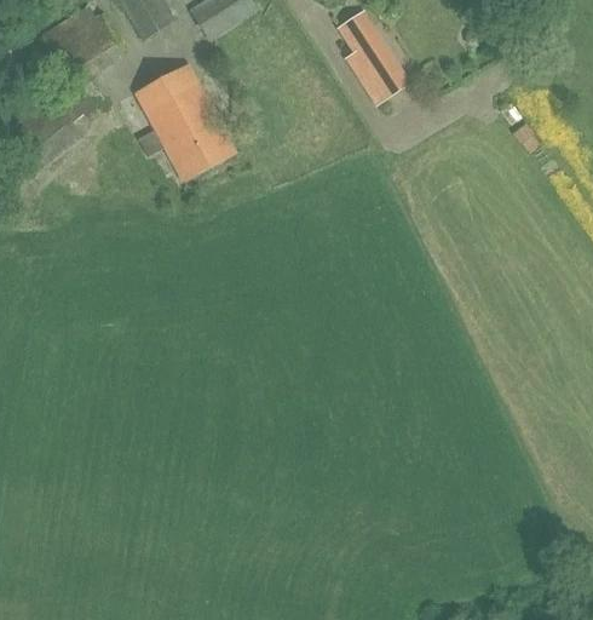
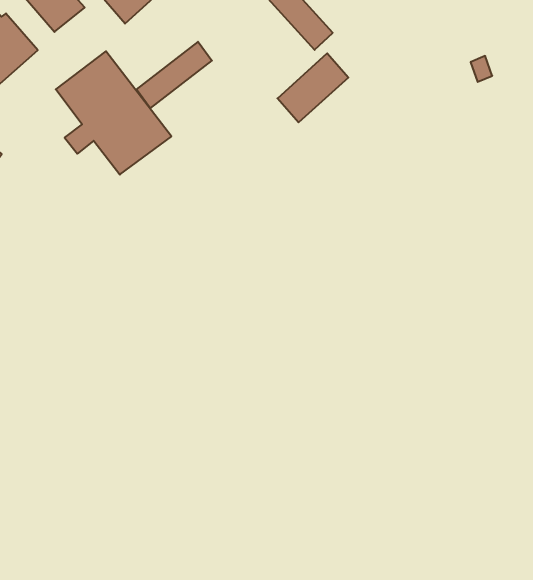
building: none -> [136,42,212,108]
building: none -> [277,53,348,122]

